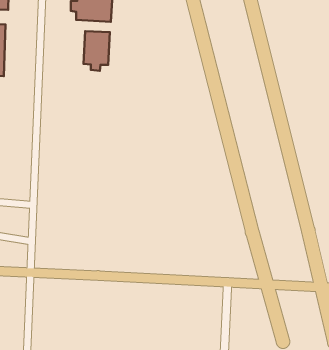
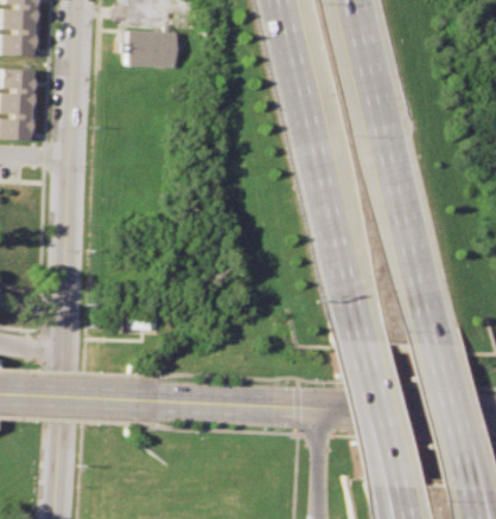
building: [83,31,110,71] -> none

